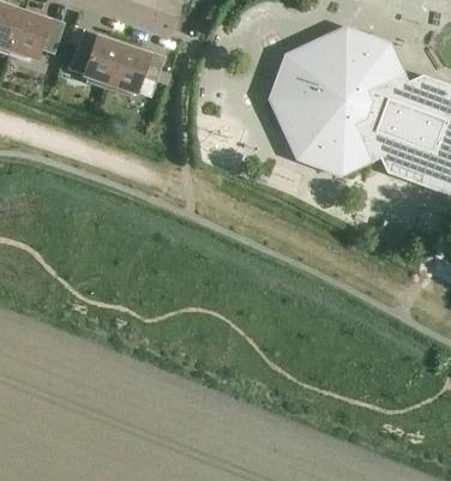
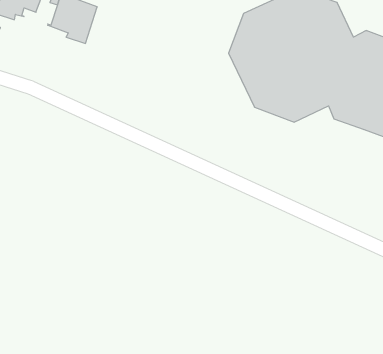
building: [109,47,166,95] -> none

